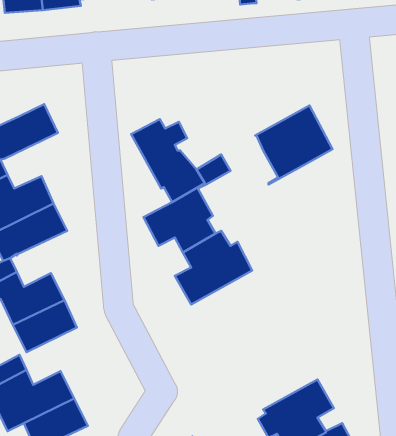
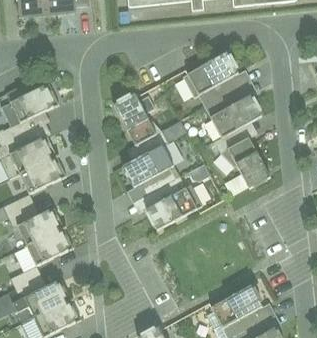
building: none -> [182,52,244,106]
building: none -> [214,127,270,188]

